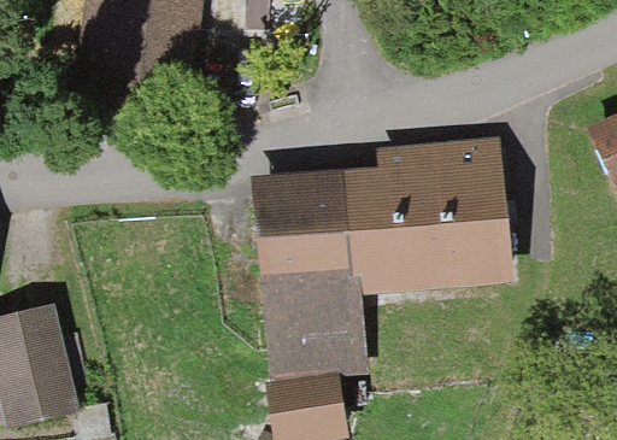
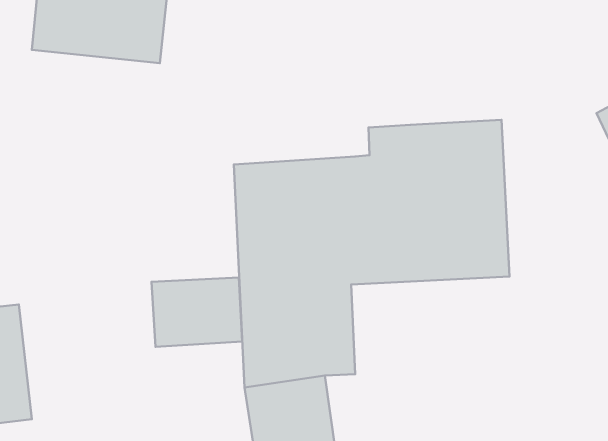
building: none -> [152,278,242,347]

